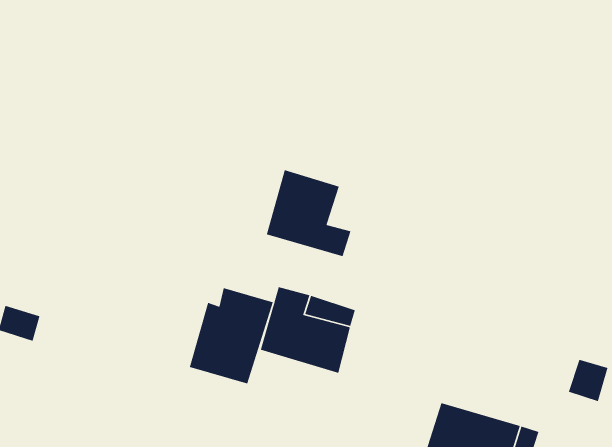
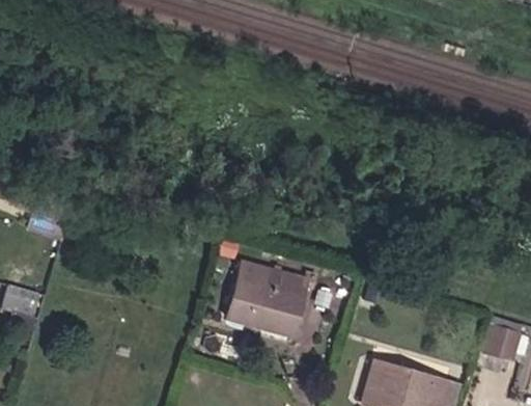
building: [266,169,352,257] -> none
building: [189,287,274,385] -> none

